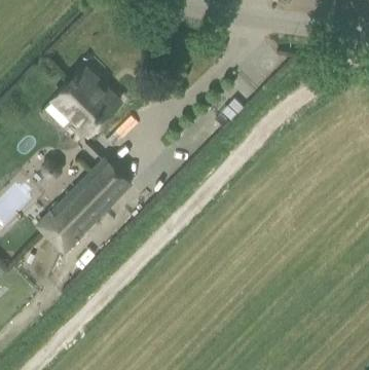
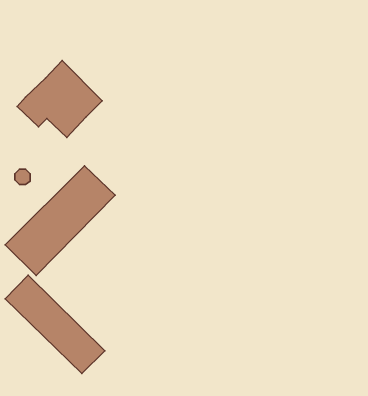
building: none -> [5,275,105,373]

